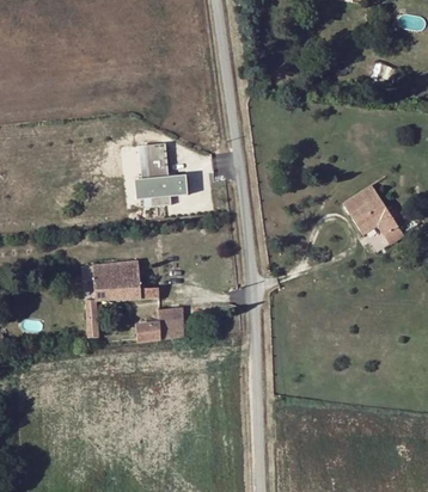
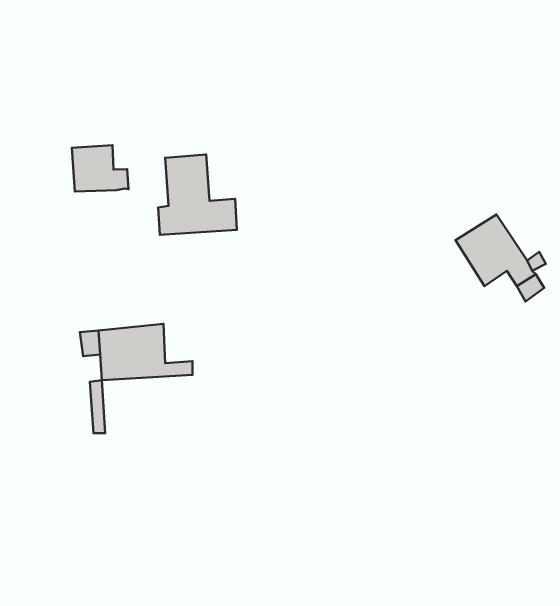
building: none -> [72,145,129,192]
building: [135,307,183,340] -> none

